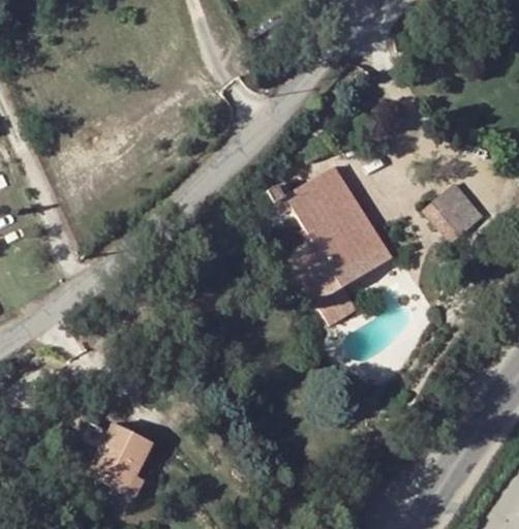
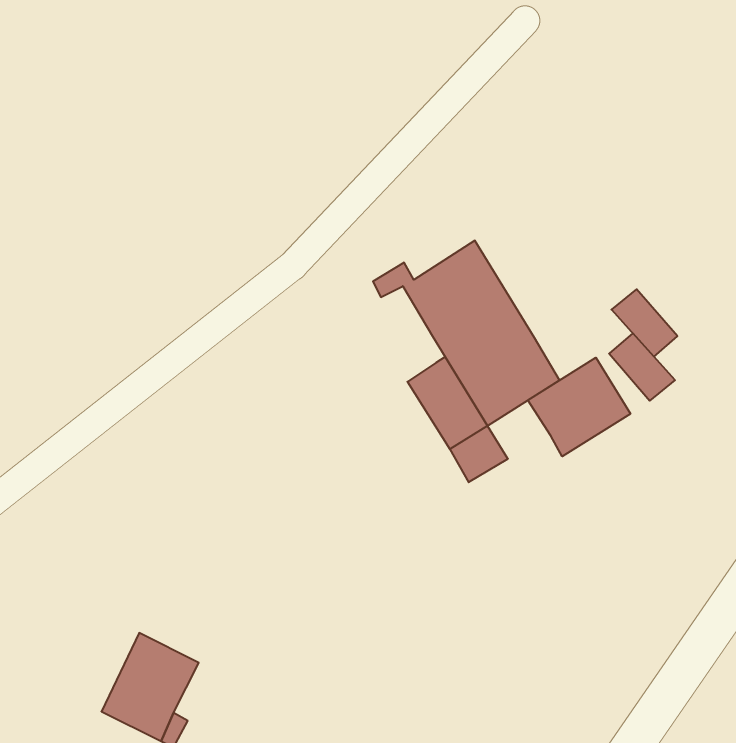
building: [440,184,484,228] -> [609,333,675,401]
building: none -> [528,358,630,456]

